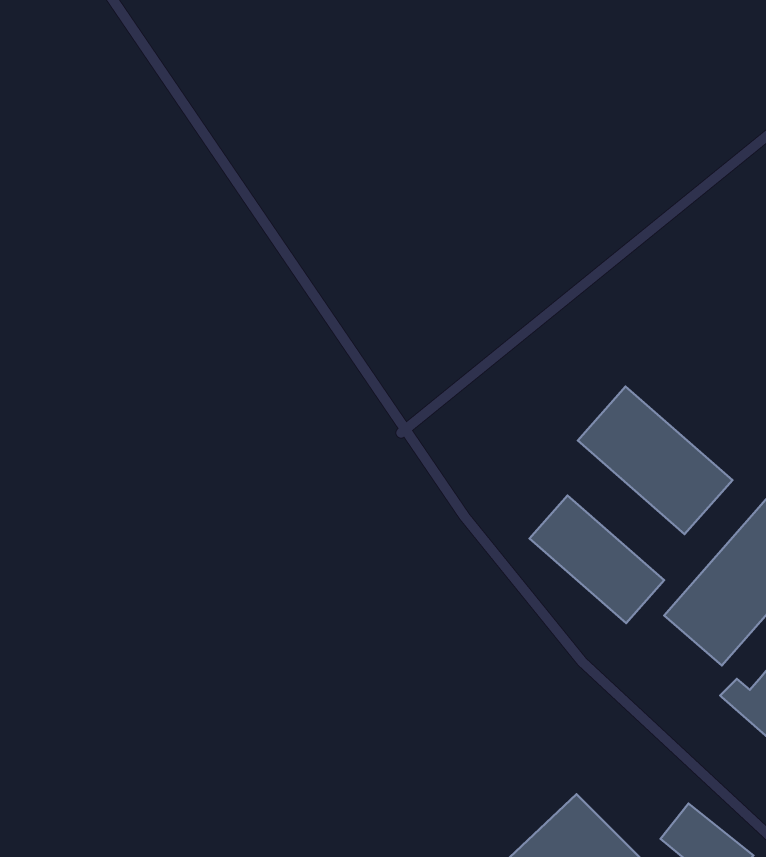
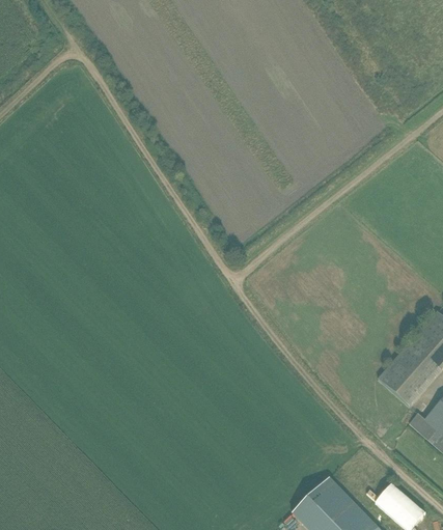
building: [578,387,732,534] -> none
building: [529,495,664,623] -> none

